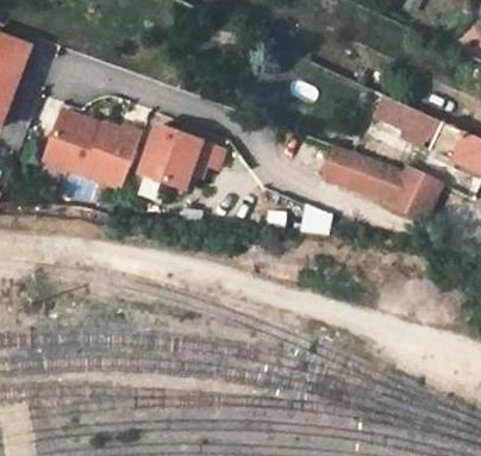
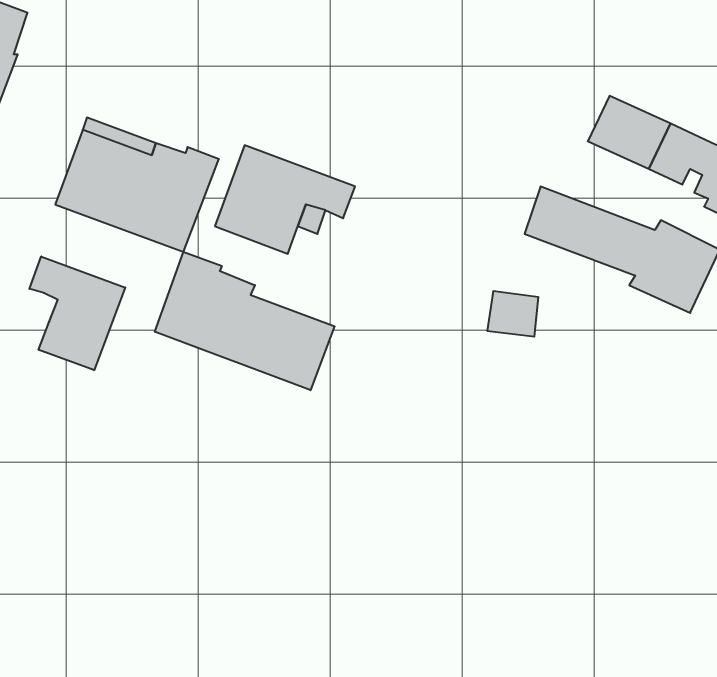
building: none -> [155,252,335,390]
building: none -> [29,256,125,370]

